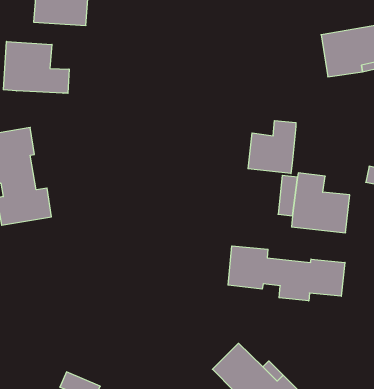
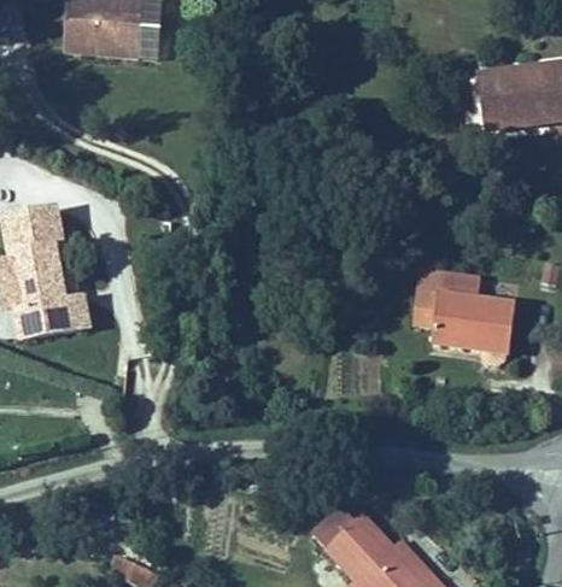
building: [3,41,69,93] -> none
building: [248,121,296,174] -> none
building: [228,246,345,301] -> none

